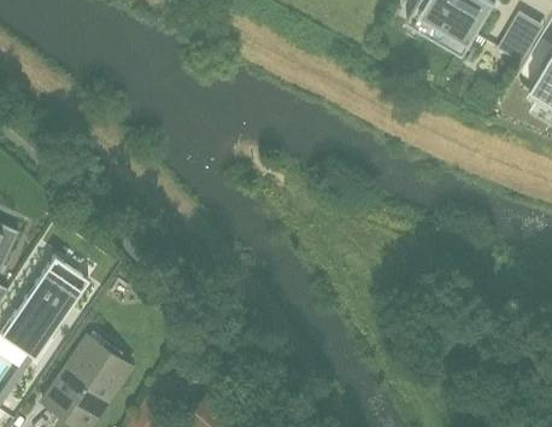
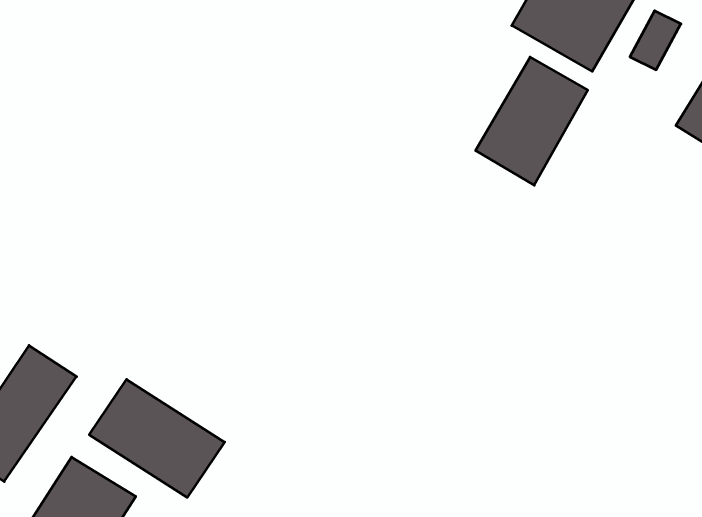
building: none -> [476,57,588,185]
building: none -> [89,379,225,497]

